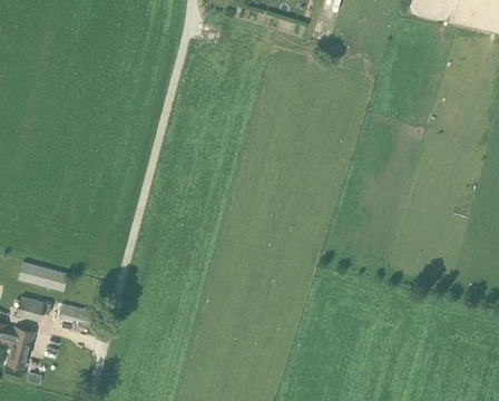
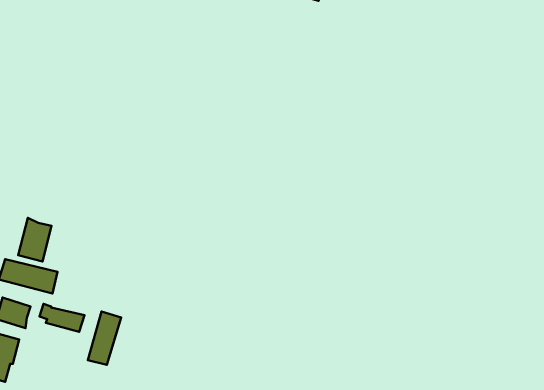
building: none -> [18,218,51,262]
building: none -> [88,311,121,365]

